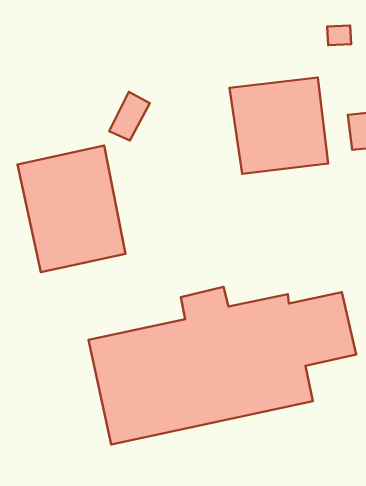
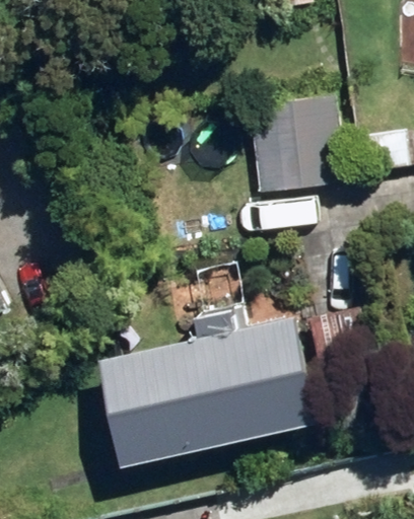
building: [17,145,126,272] -> none

